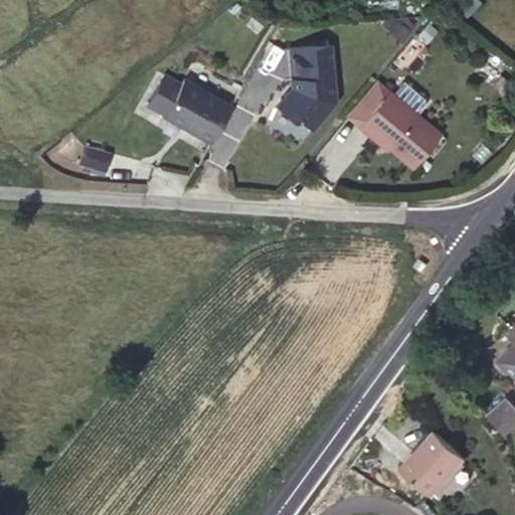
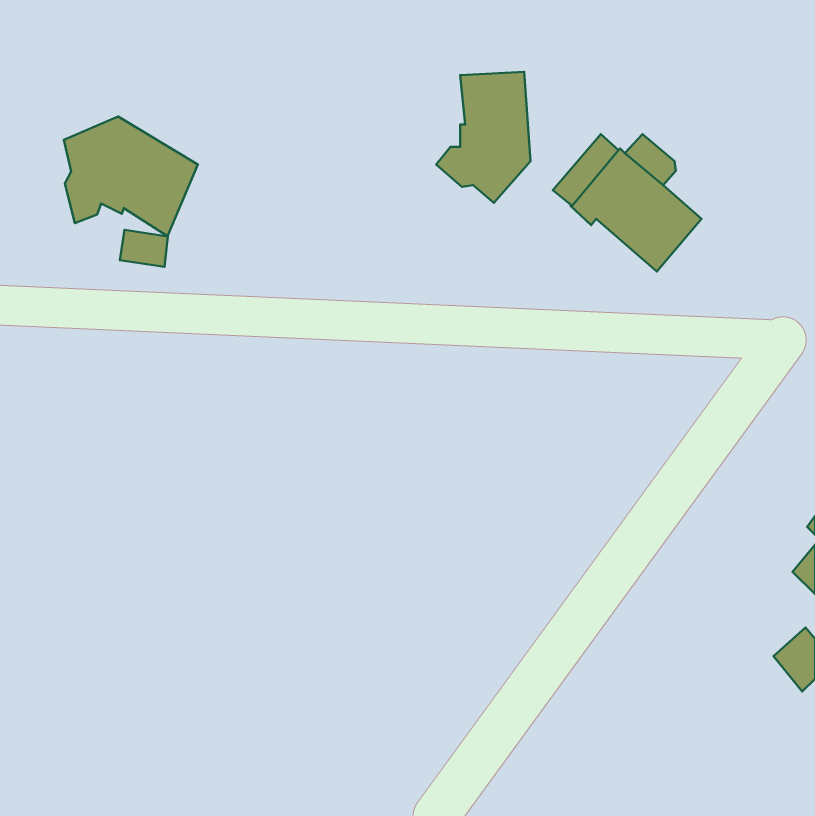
building: none -> [64,117,198,236]
building: [162,79,230,142] -> none
building: [400,433,464,497] -> none

